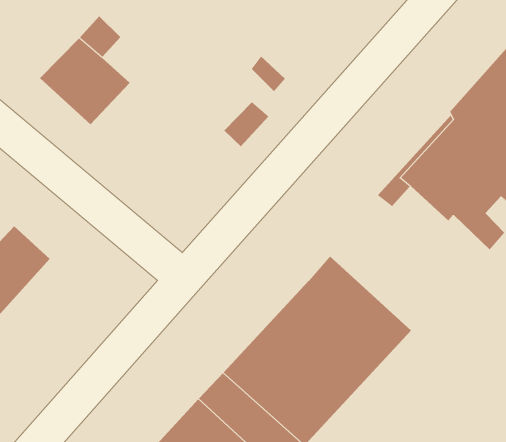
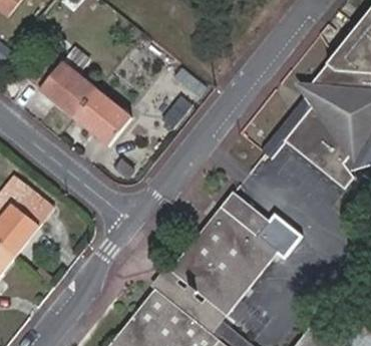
building: none -> [73,90,130,146]

